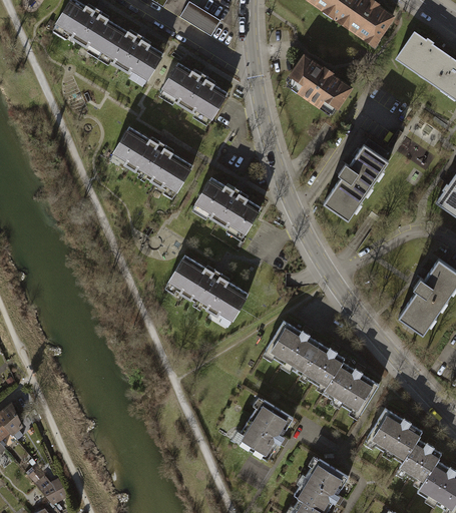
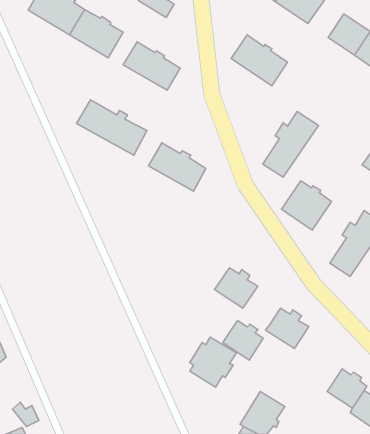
building: none -> [281,181,332,230]
building: [161,259,242,321] -> none
building: [300,343,346,388] -> [223,321,263,360]
building: [367,411,416,457] -> none

